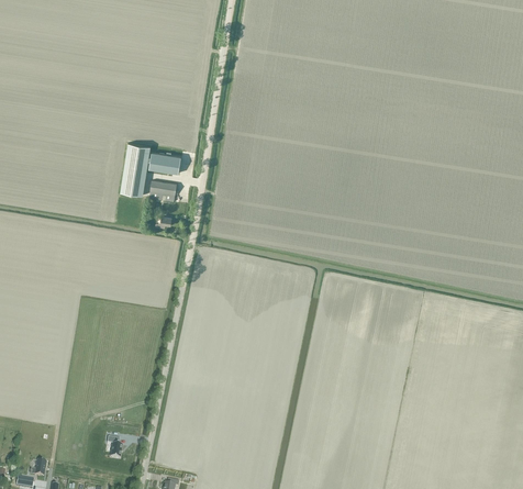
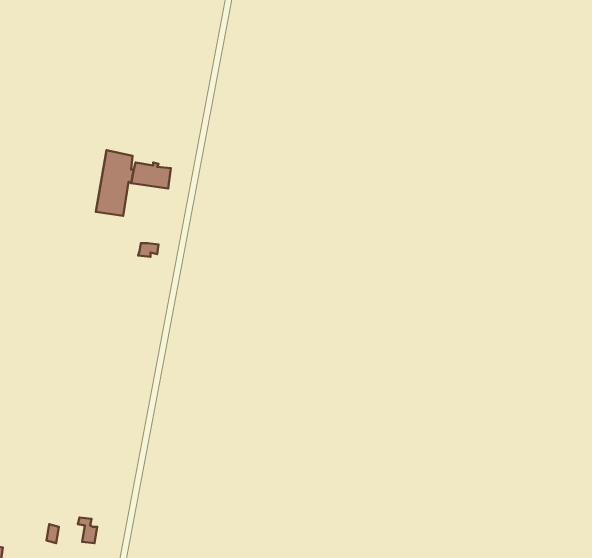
building: [149,179,177,201] -> none

